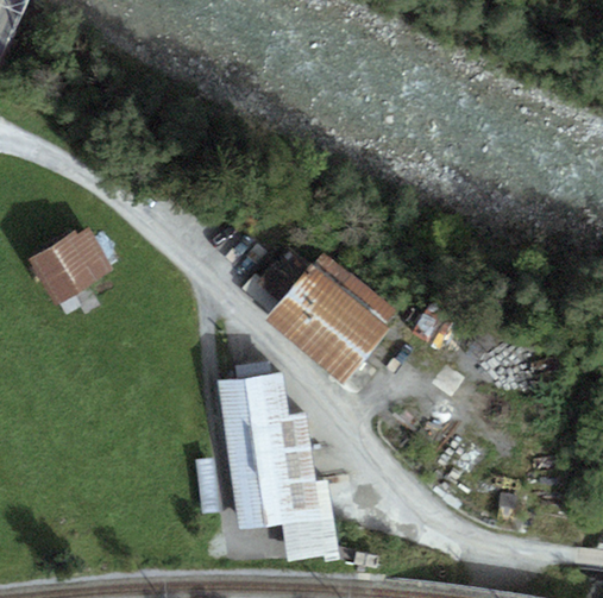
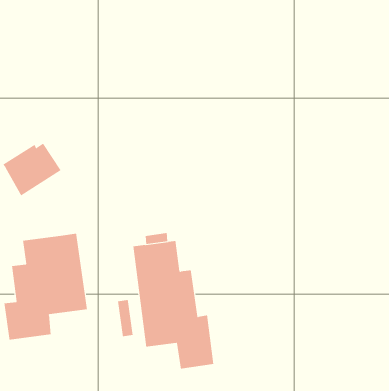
building: [265,252,398,384] -> none
building: none -> [4,233,87,340]

